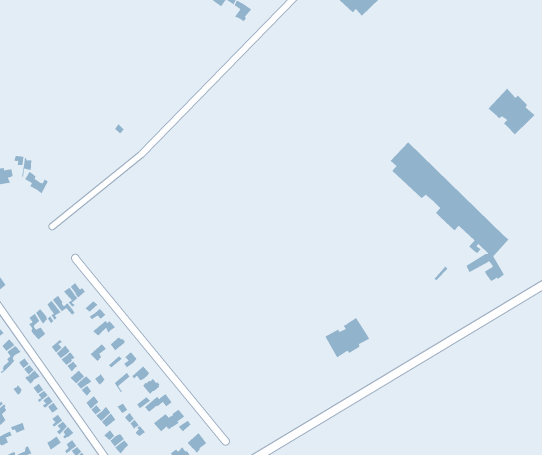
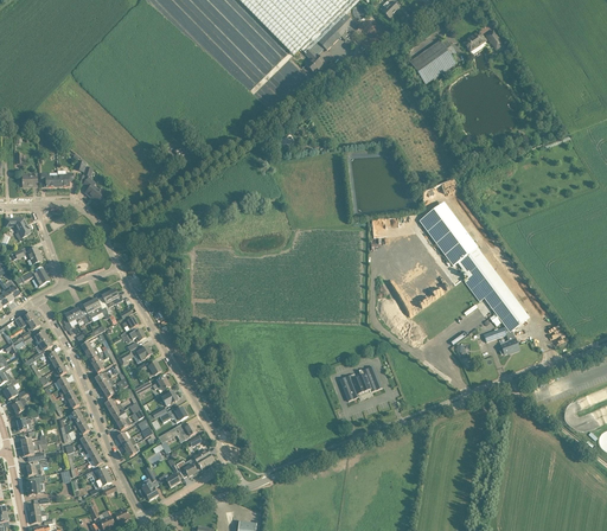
building: [488,88,535,135] -> none

